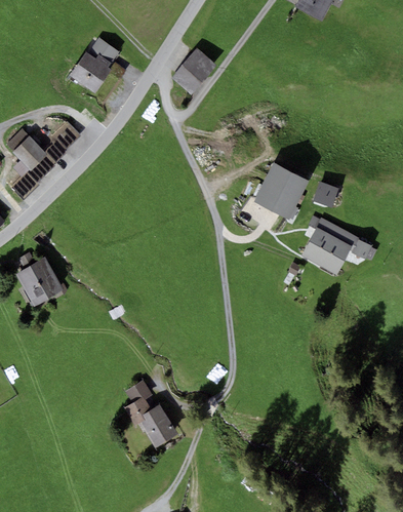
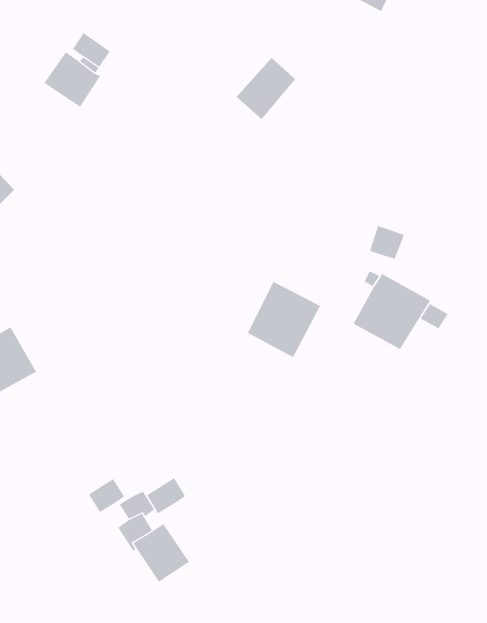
building: [171,47,216,94] -> [236,57,296,120]
building: [254,162,310,220] -> [247,281,321,358]
building: none -> [146,477,186,514]
building: none -> [88,478,125,513]

